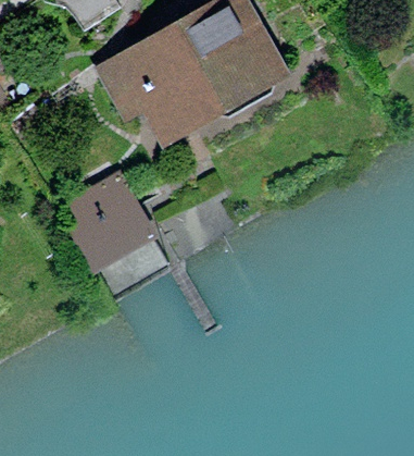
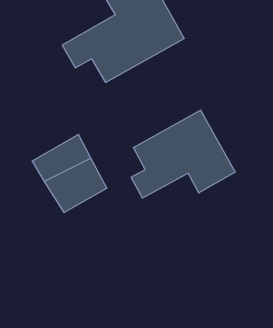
building: none -> [131,110,235,198]

